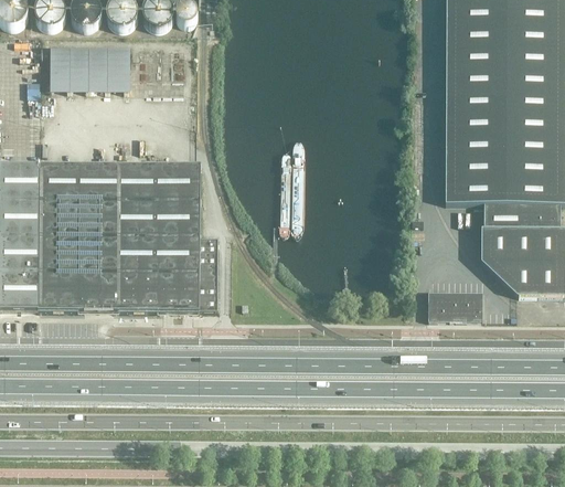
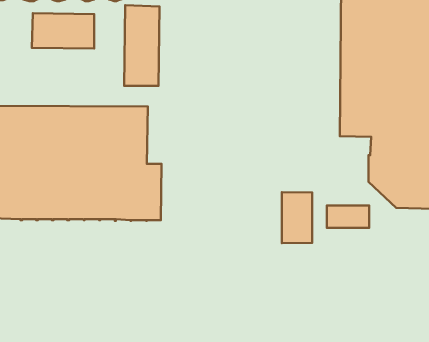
building: none -> [124,5,159,86]
building: none -> [282,192,312,243]

